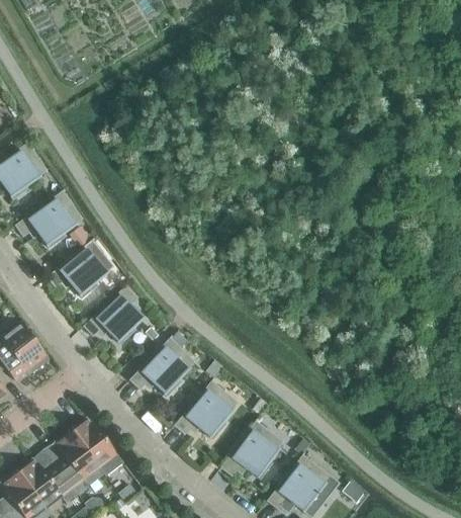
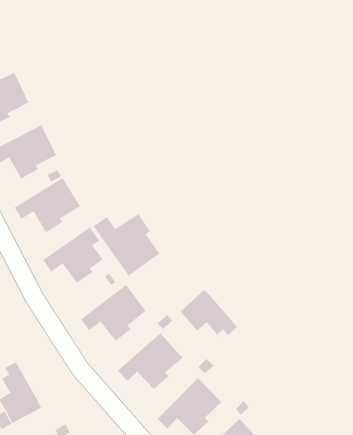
building: none -> [93,213,160,278]
building: none -> [180,289,238,337]
building: [72,423,126,480] -> none

